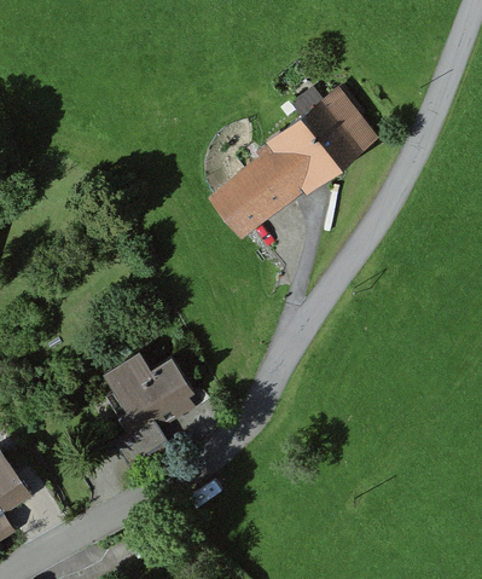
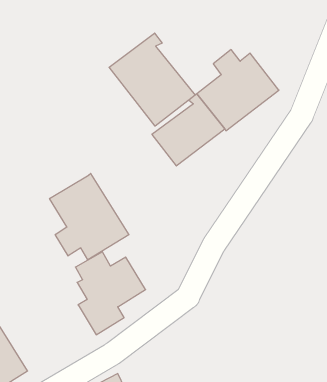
building: none -> [109,33,195,126]
building: none -> [50,173,129,260]

